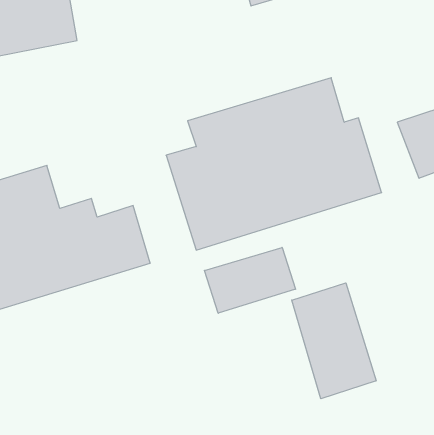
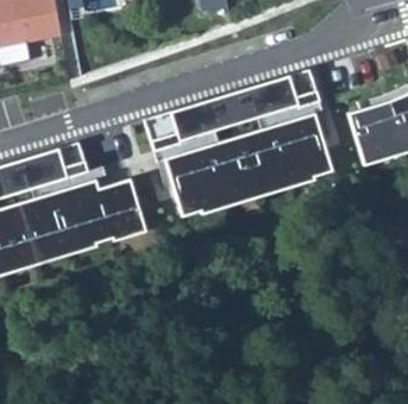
building: [204,247,296,313] -> none
building: [292,283,376,399] -> none

